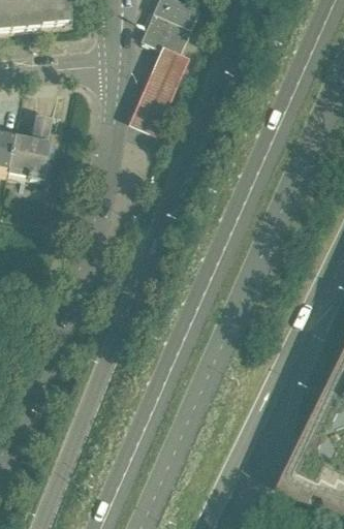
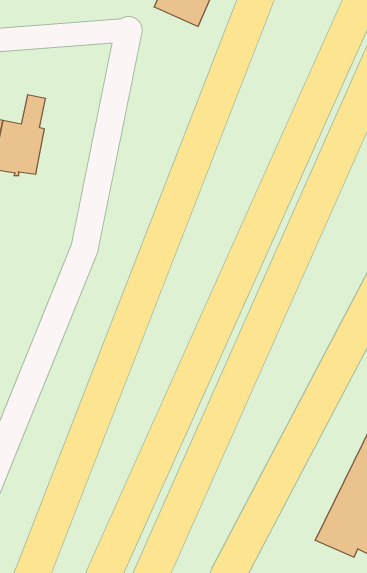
building: [135,35,195,126] -> none

